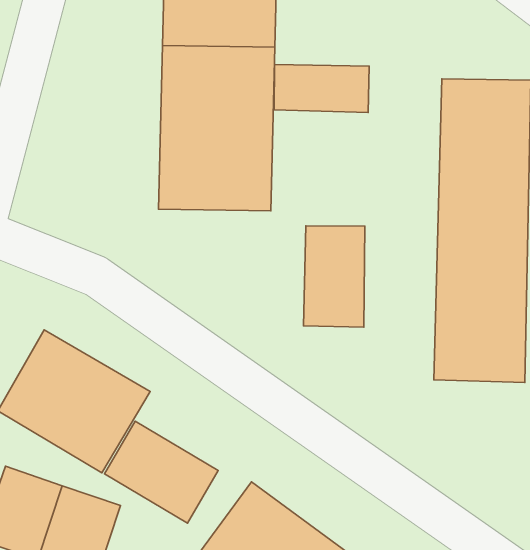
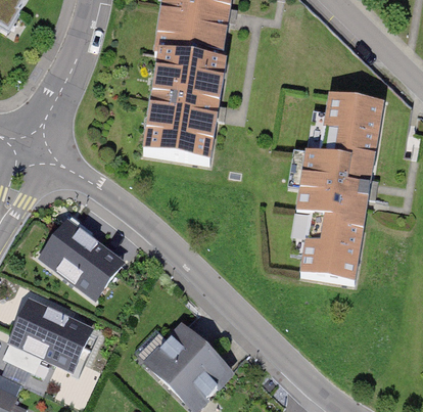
building: [274,65,369,112] -> none
building: [304,226,365,327] -> none
building: [104,421,218,523] -> none

